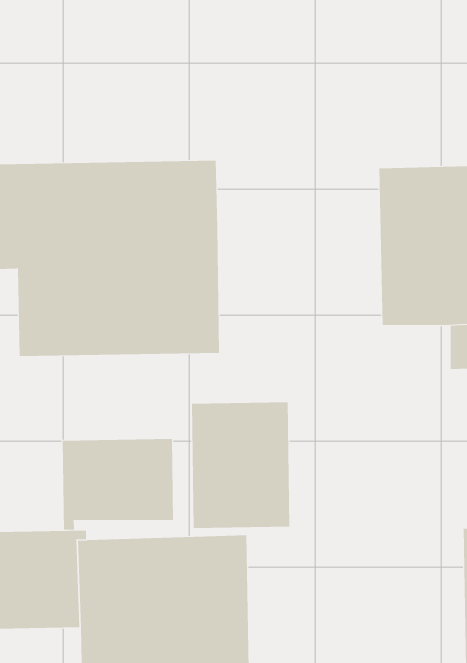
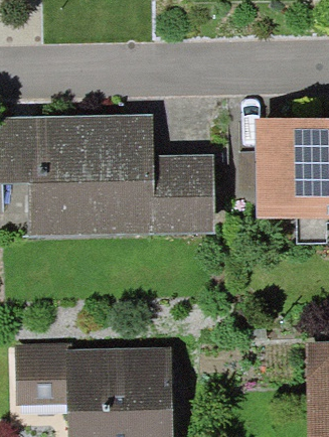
building: [191,402,290,528] -> [154,155,215,234]
building: [62,438,174,530] -> none

